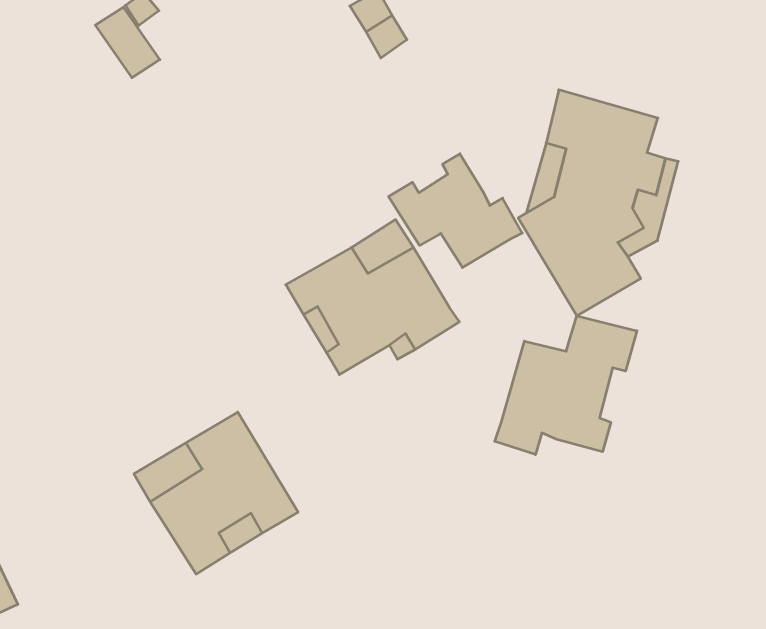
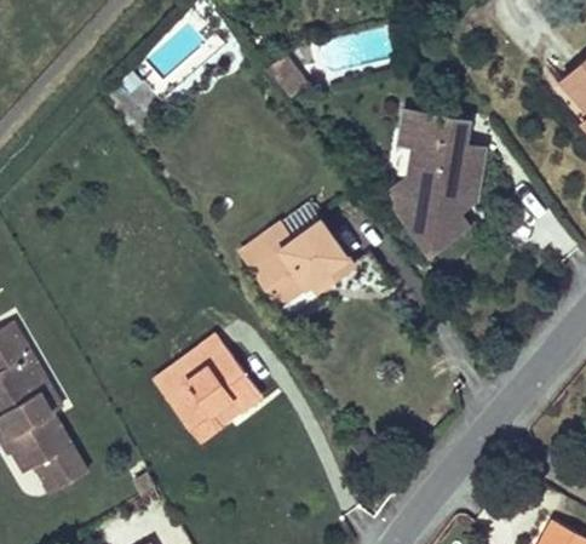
building: [389,154,522,268] -> none
building: [495,316,637,455] -> none

